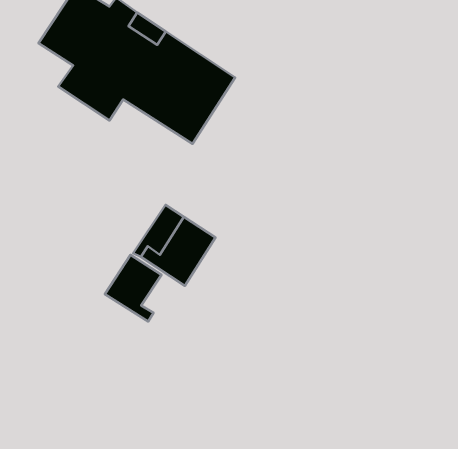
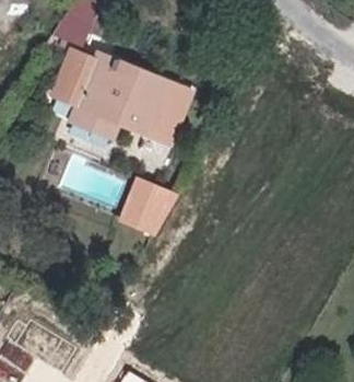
building: [105,255,162,322] -> none

